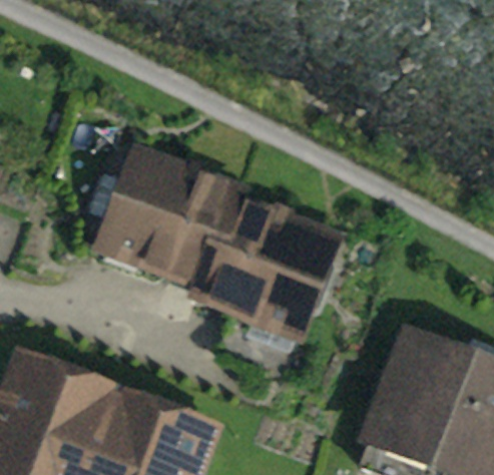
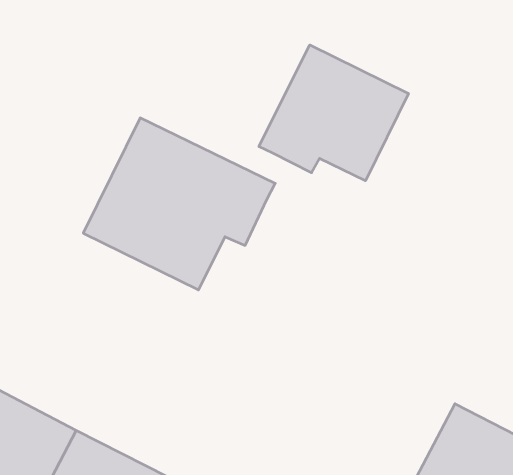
building: none -> [259,45,408,181]
building: [188,199,329,327] -> none

